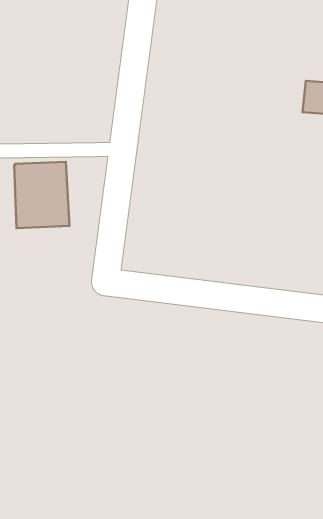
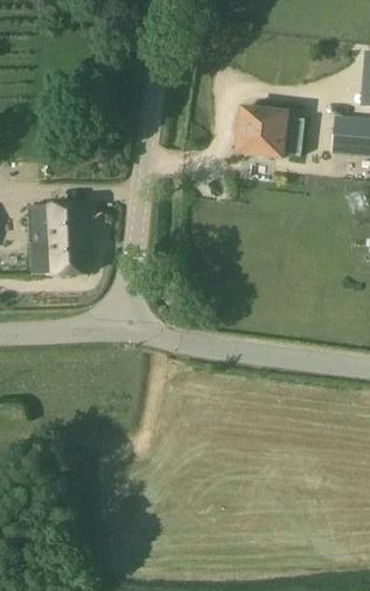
building: none -> [236,106,303,158]

